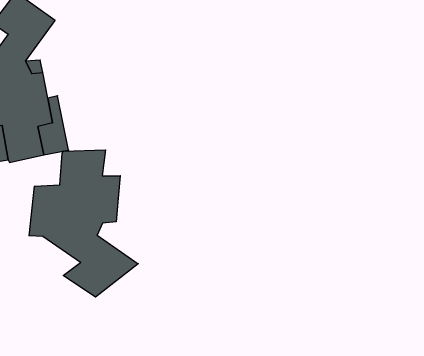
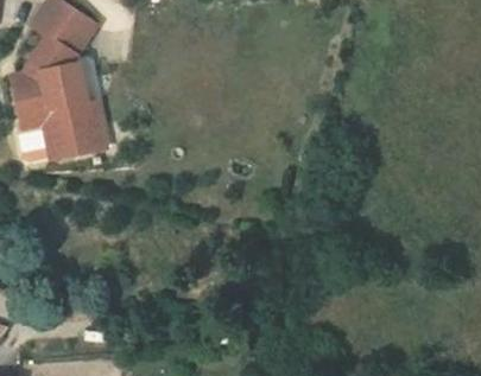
building: [29,150,138,297] -> none

